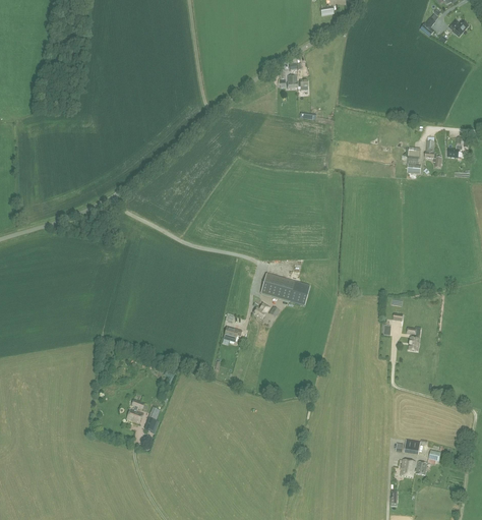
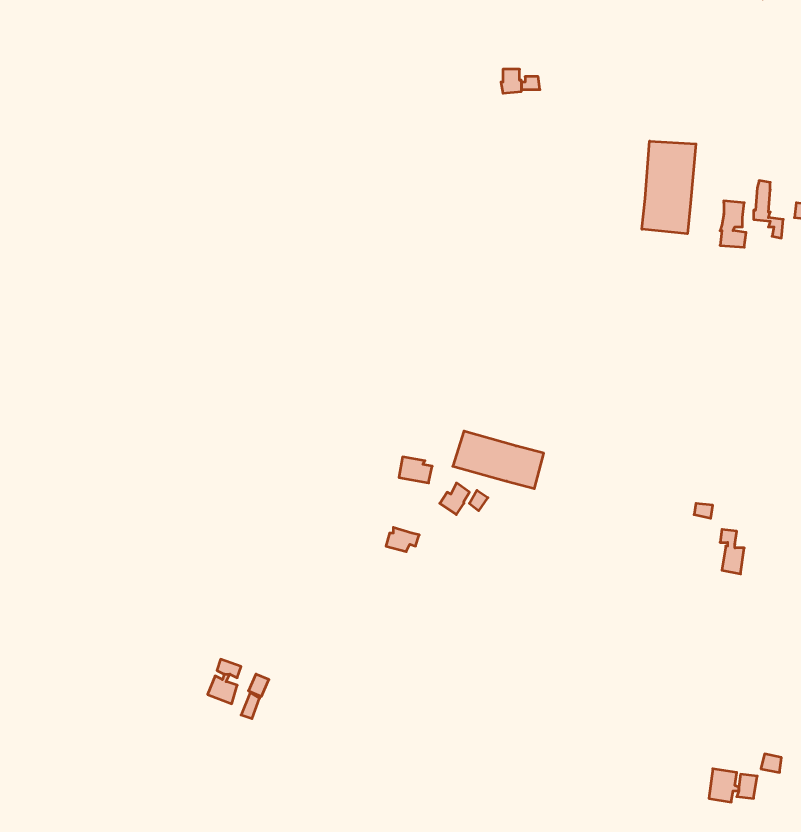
building: none -> [642,141,696,234]

